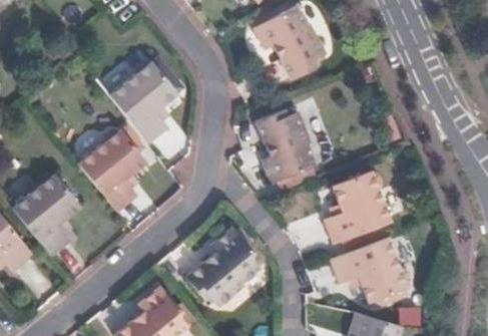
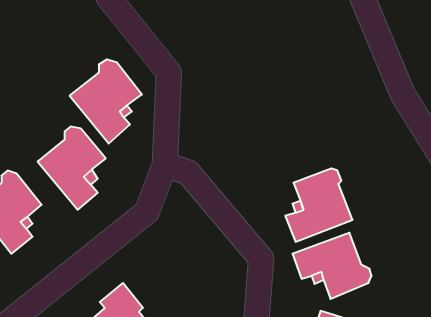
building: [257,12,328,88] -> none
building: [257,110,316,182] -> none
building: [186,226,258,304] -> none

